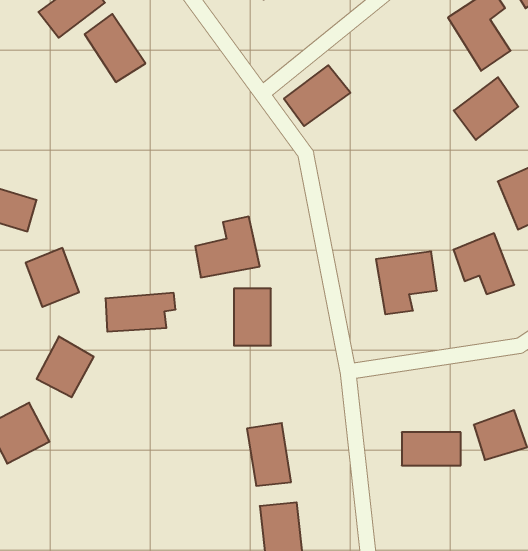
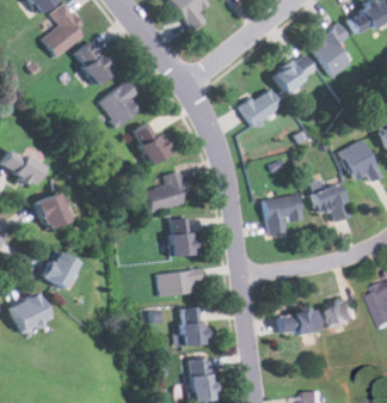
building: [284,65,350,126] -> [239,87,282,127]
building: none -> [98,80,140,128]
building: [454,77,518,140] -> [274,53,315,93]
building: none -> [133,121,172,165]
building: [105,293,176,332] -> [156,270,202,295]

